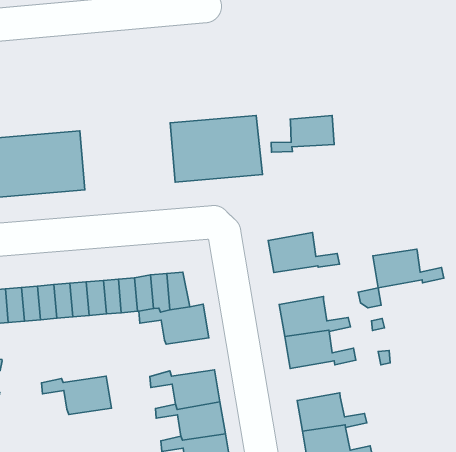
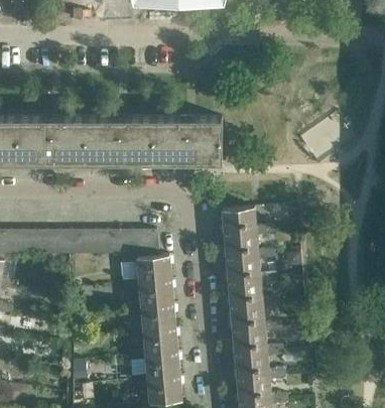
building: [271,115,334,152] -> none
building: none -> [89,119,156,163]
building: [373,249,444,288] -> [224,235,275,261]
building: none -> [230,306,281,333]
building: [42,376,112,415] -> [123,280,173,307]

